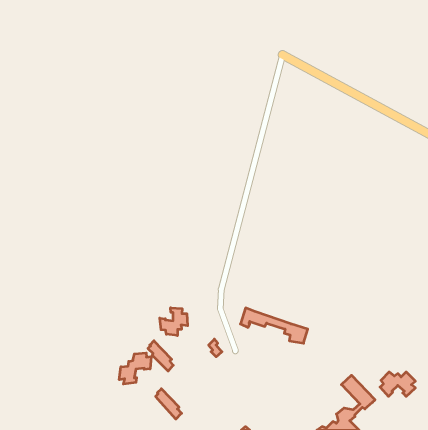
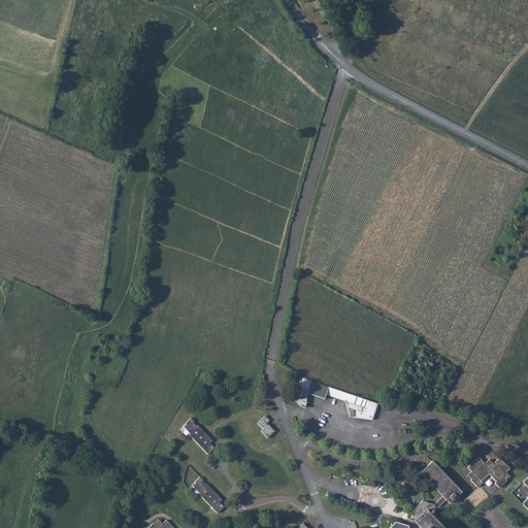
building: [160,308,188,336] -> none
building: [119,353,151,384] -> none

